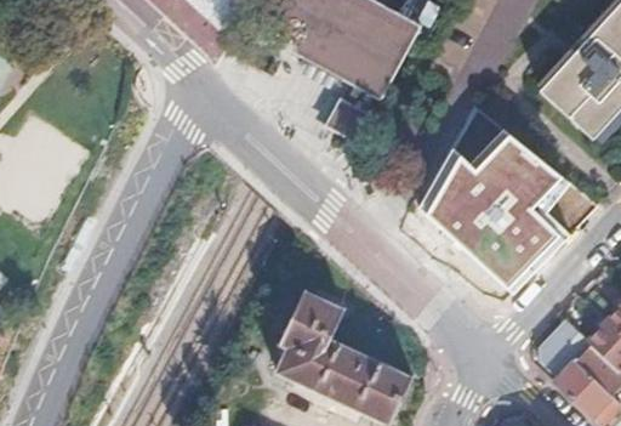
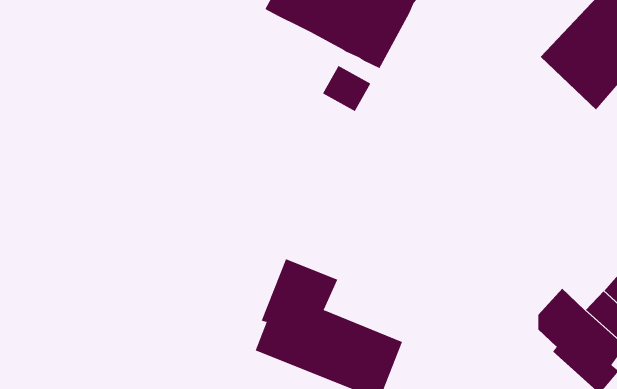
building: [416,125,574,294] -> none

